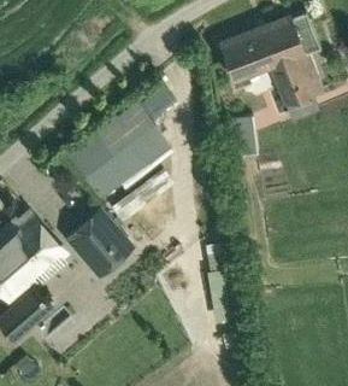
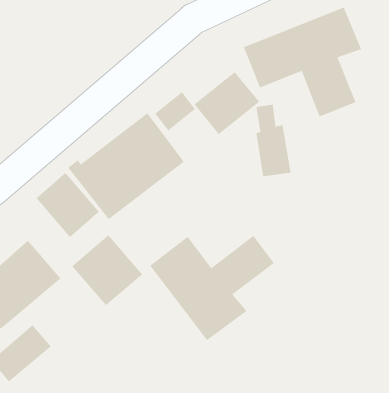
building: none -> [194,71,260,135]
building: none -> [36,172,100,238]
building: none -> [149,235,275,341]

